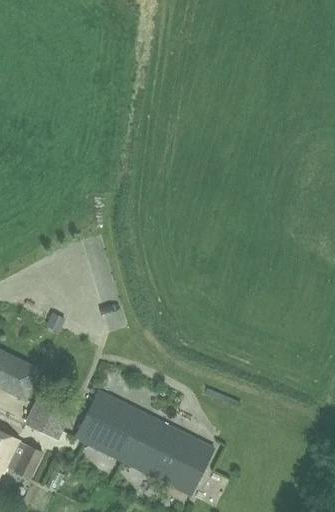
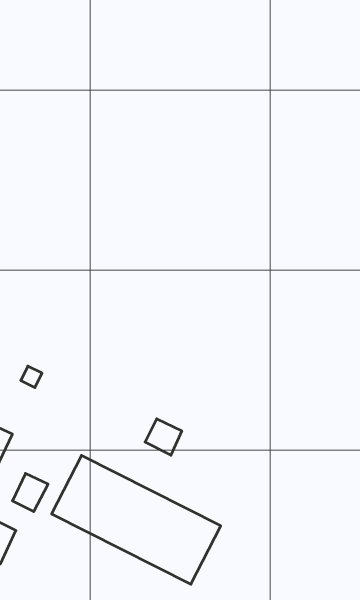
building: none -> [145,419,182,455]

